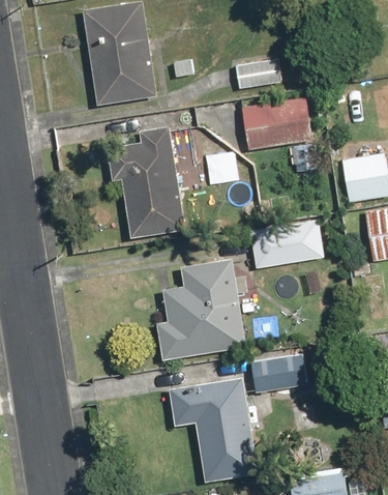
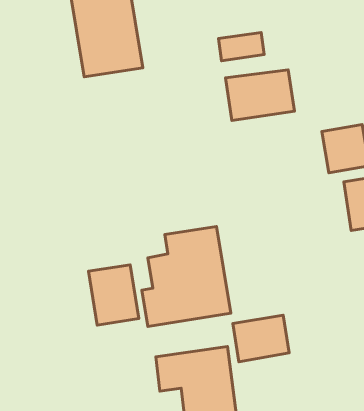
building: [108,126,185,237] -> none
building: [248,219,323,268] -> none
building: none -> [88,265,139,325]

